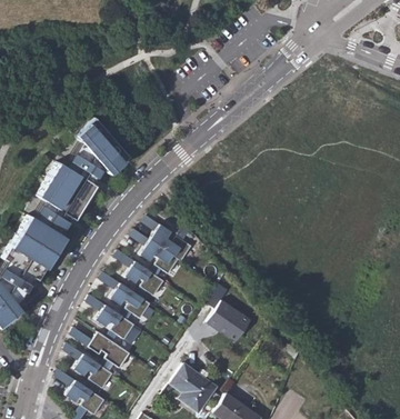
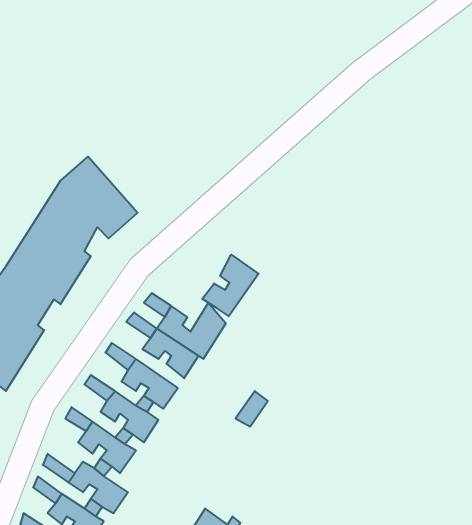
building: none -> [202,255,259,316]
building: [204,300,249,342] -> none

